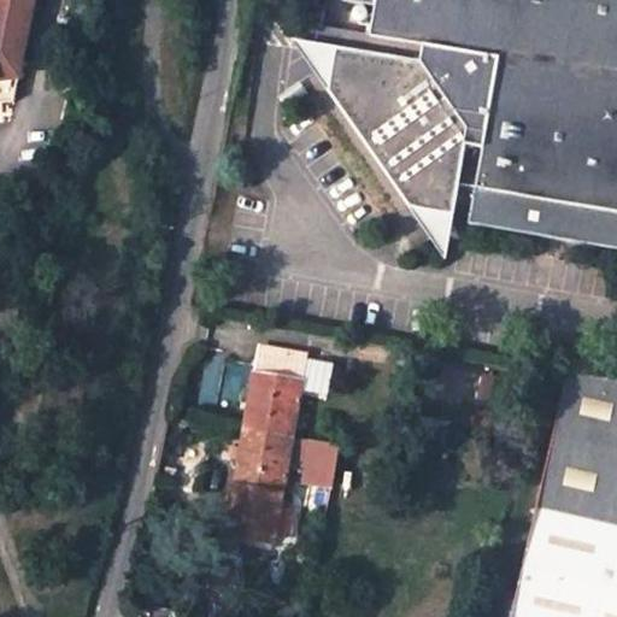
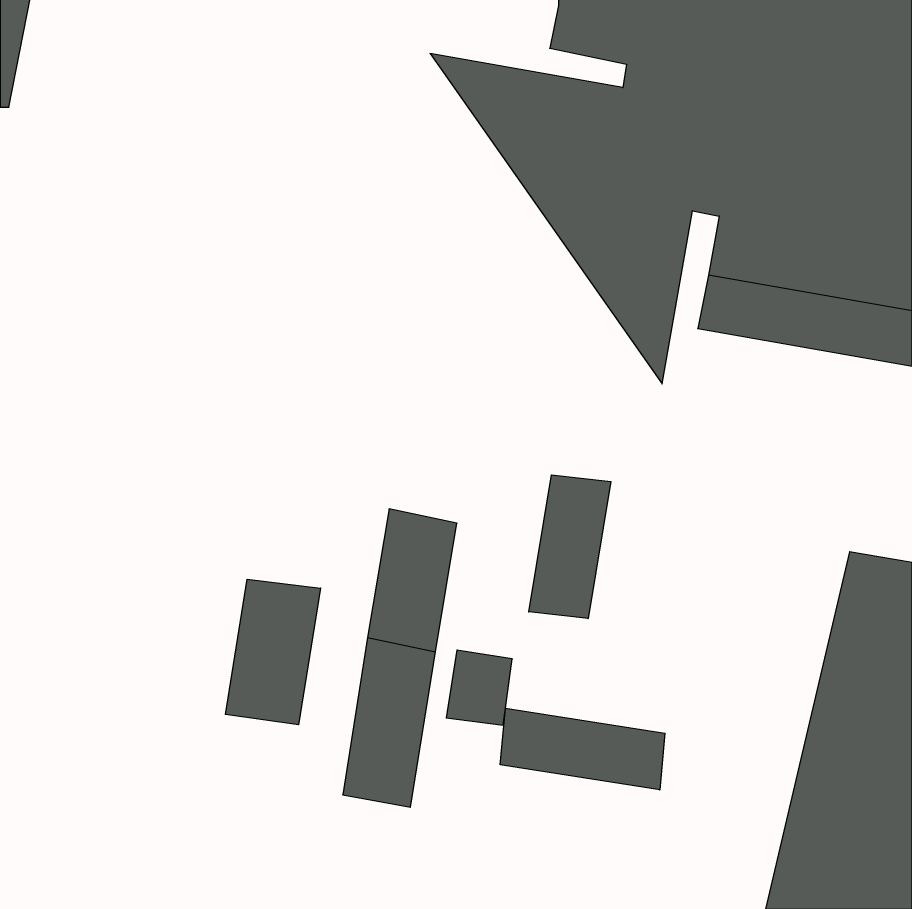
building: none -> [529,475,611,619]
building: none -> [225,579,321,725]
building: none -> [500,708,665,790]

